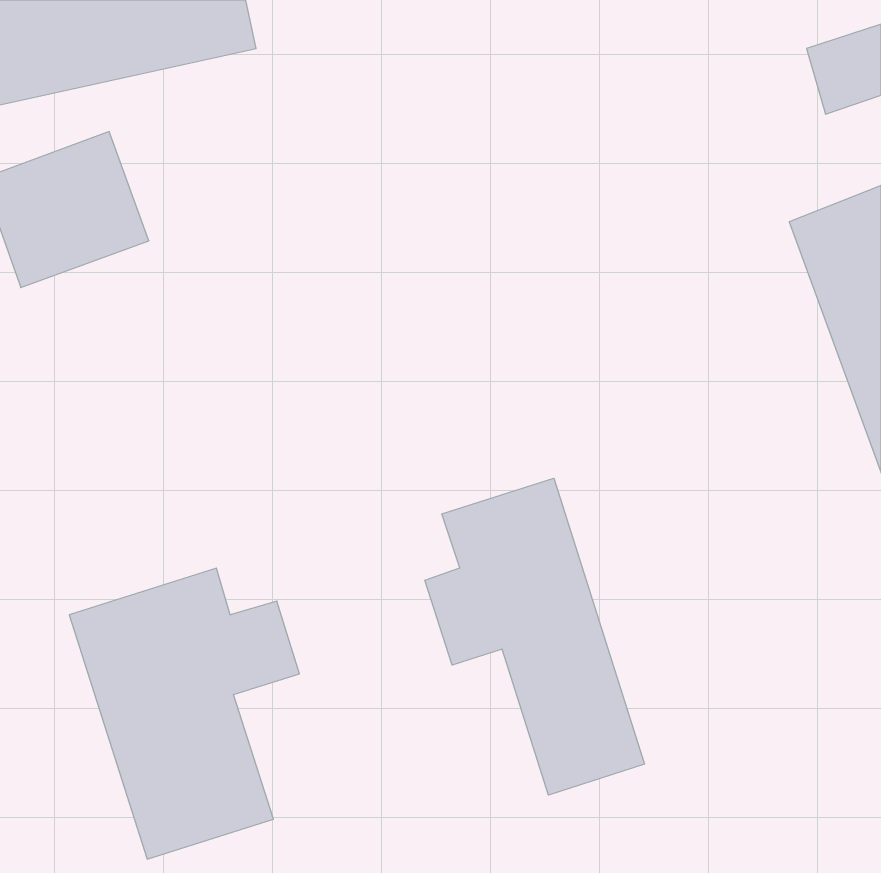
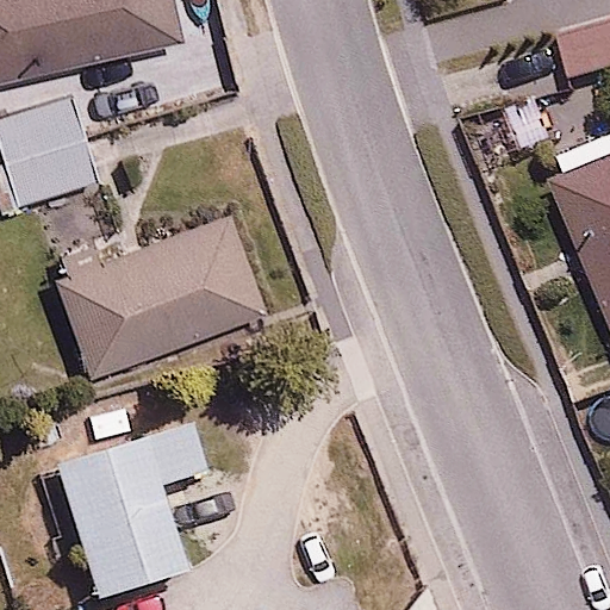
building: none -> [60,213,270,378]
building: [425,478,644,795] -> none

